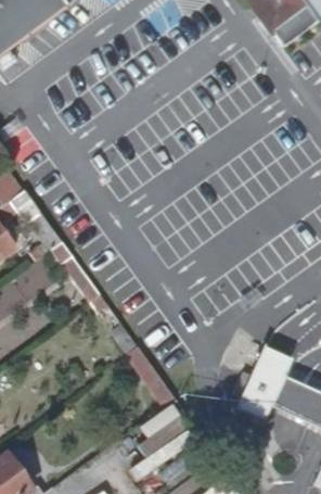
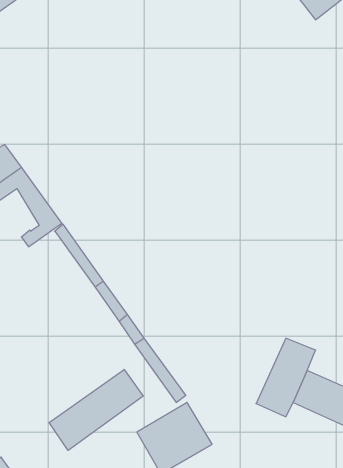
building: none -> [49,369,143,450]

